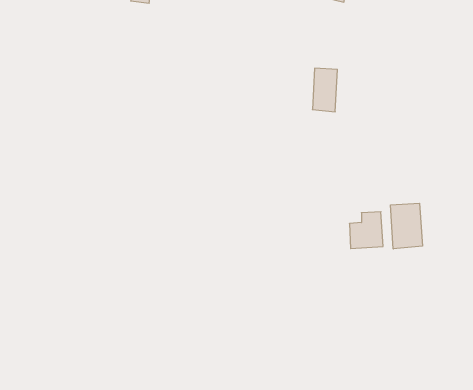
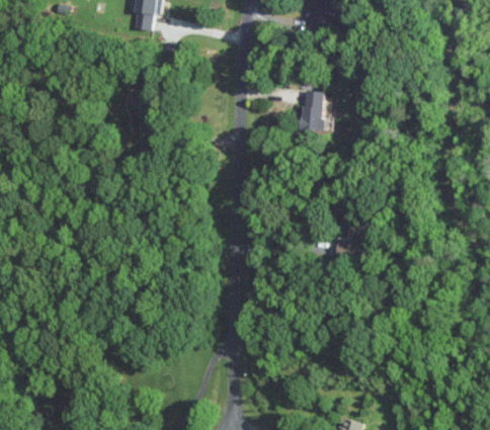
building: [391,203,422,249] -> none

